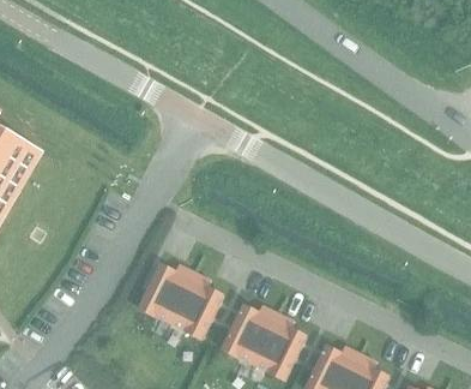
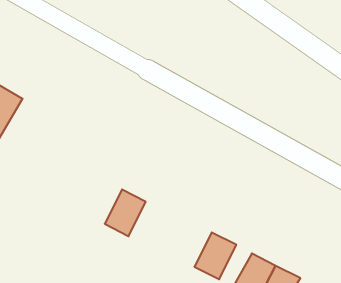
building: [174,280,225,339] -> none
building: [227,303,278,361] -> none

